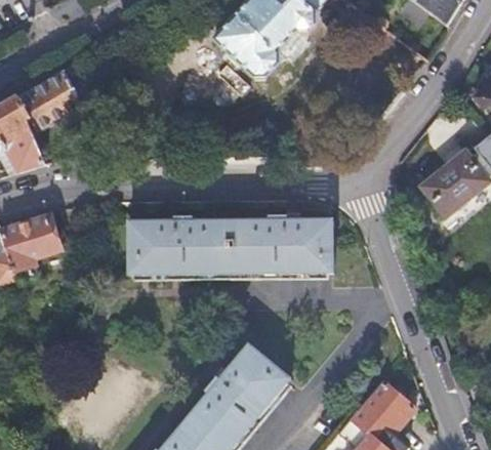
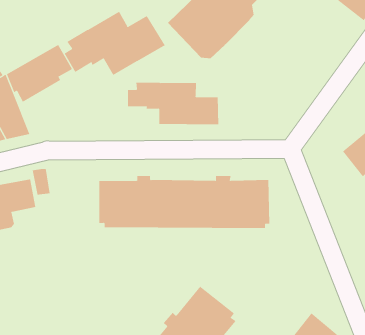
building: none -> [64,11,165,76]
building: none -> [128,82,219,125]

